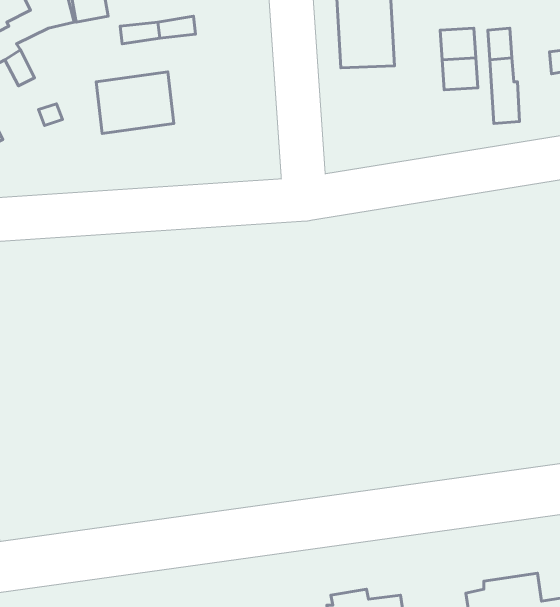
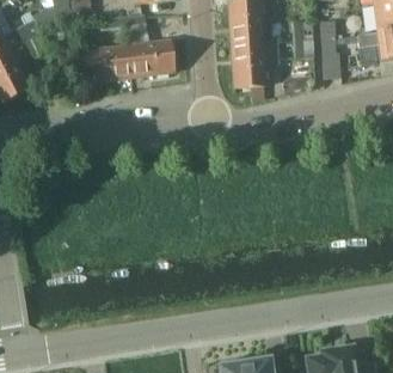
building: none -> [128,39,173,77]
building: none -> [232,42,266,86]

